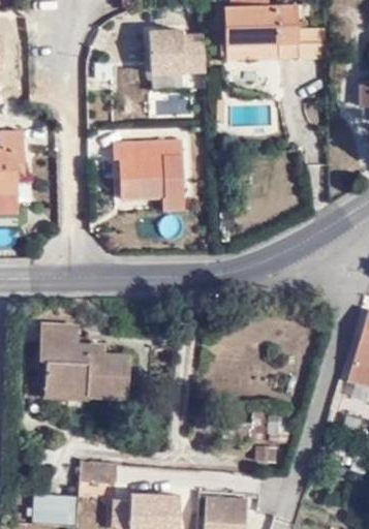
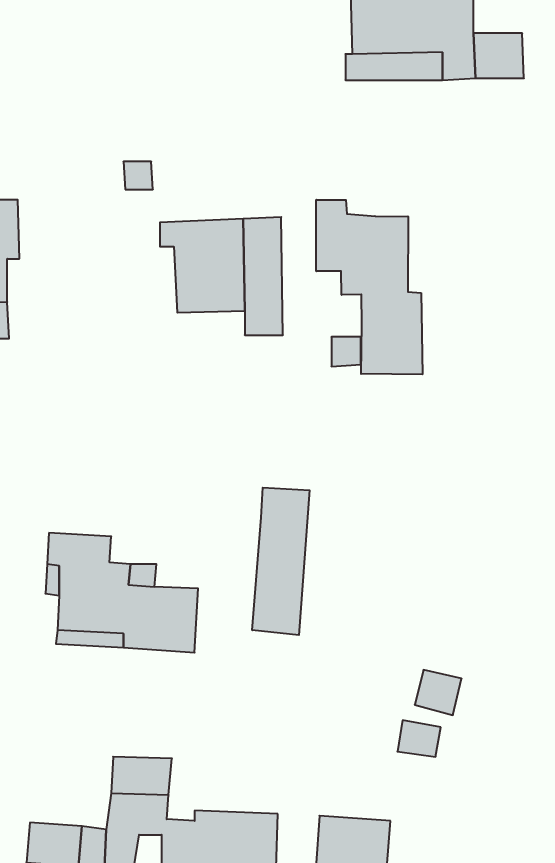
building: [149,31,203,81] -> none
building: none -> [316,200,422,374]
building: none -> [252,488,310,635]

